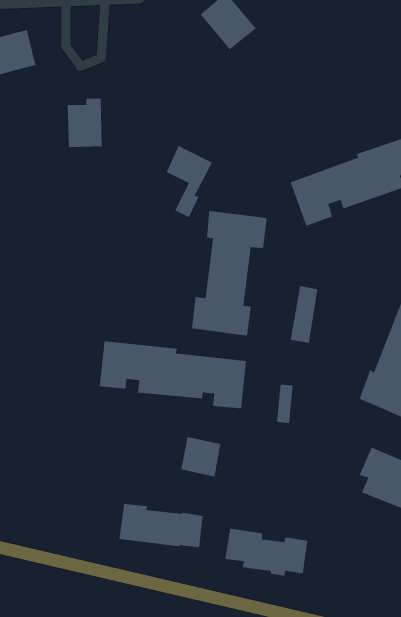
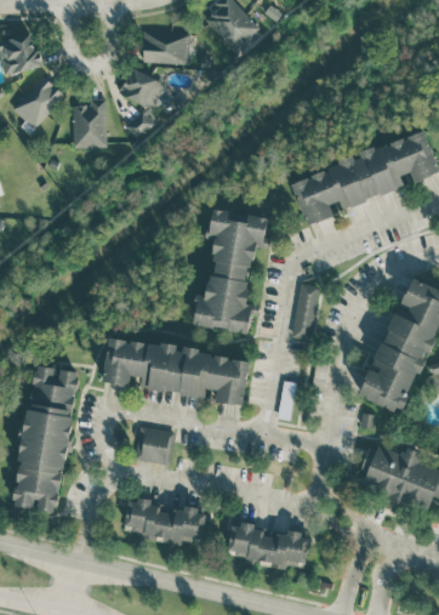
building: none -> [142,32,190,64]
building: none -> [13,75,64,129]
building: [166,145,213,218] -> [119,67,165,138]
building: none -> [15,365,78,513]
building: [181,436,221,477] -> [135,426,175,466]

